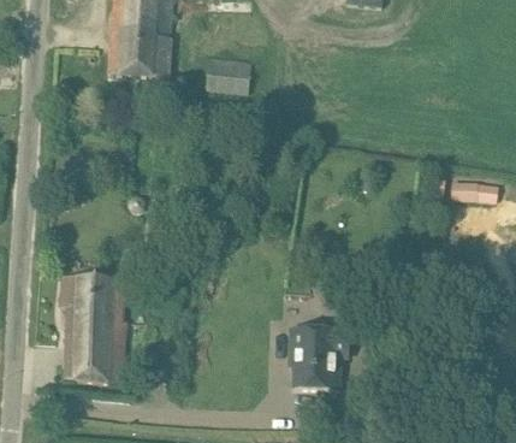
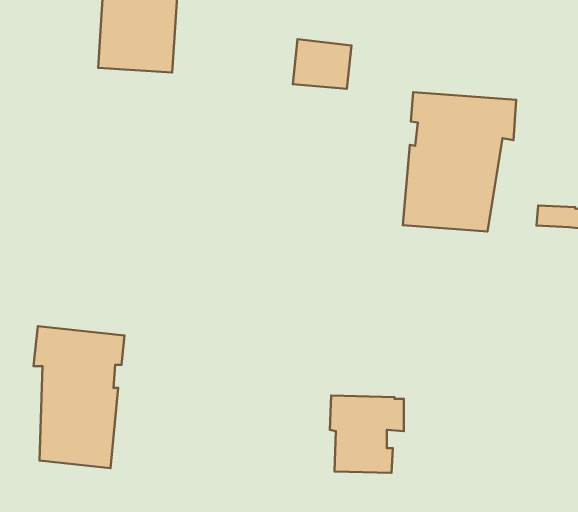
building: [206,57,251,95] -> [293,39,352,89]
building: none -> [403,92,516,231]

